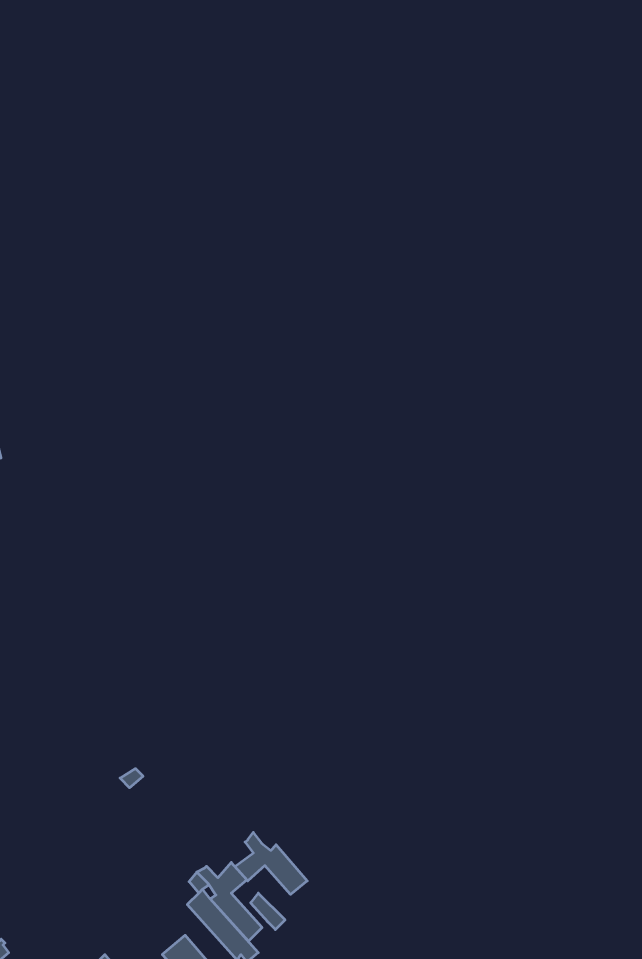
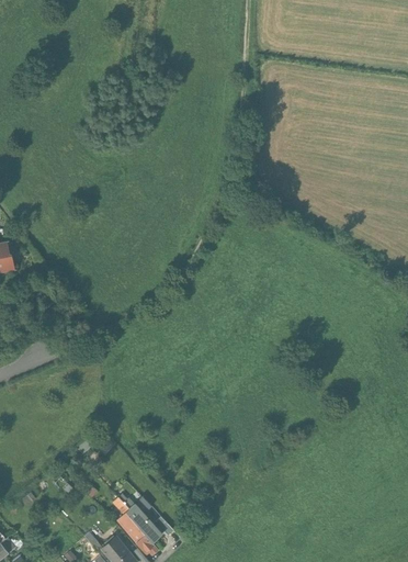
building: [235,832,307,894] -> none

